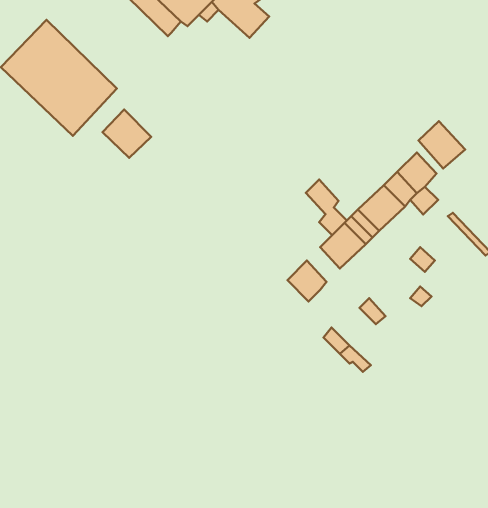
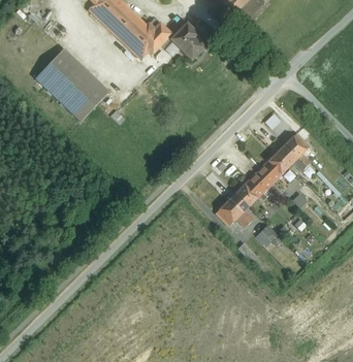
building: [102,110,151,158] -> none
building: [419,121,465,168] -> none
building: [306,180,347,235] -> [227,191,253,226]

